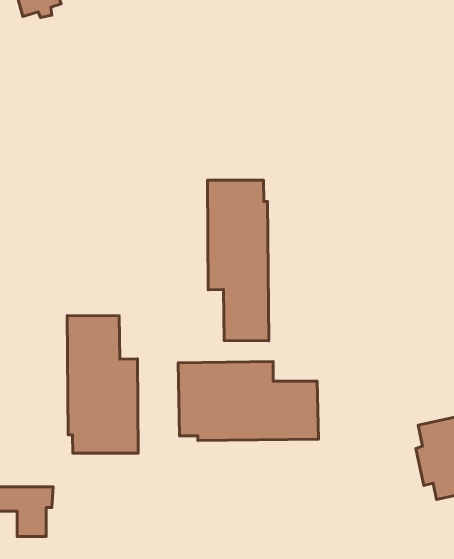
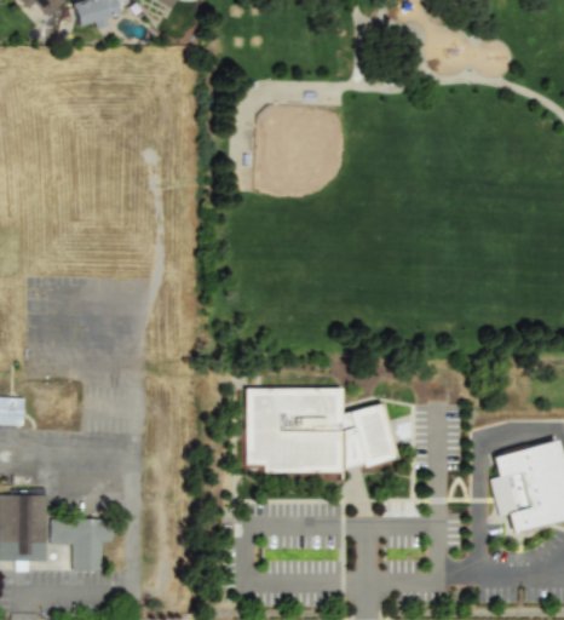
building: [207,180,269,341] -> none
building: [67,316,138,453] -> none

